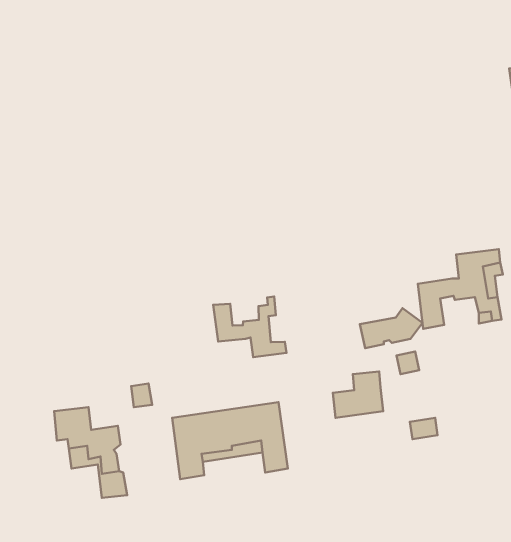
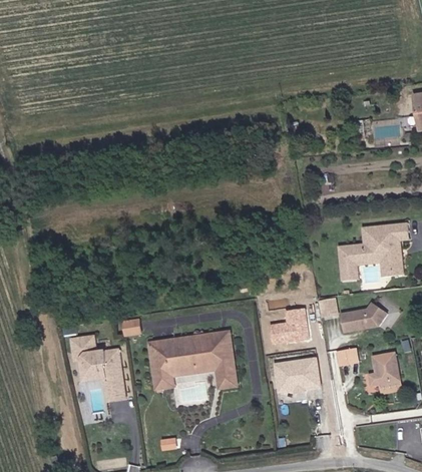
building: [213,297,286,357] -> none
building: [360,308,422,348] -> [341,301,388,331]
building: none -> [367,351,402,392]
building: none -> [277,362,322,398]

